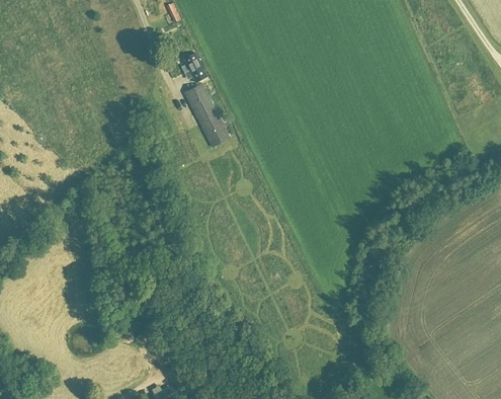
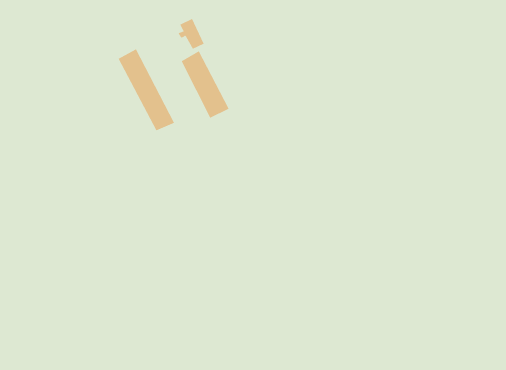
building: none -> [118,49,175,131]

